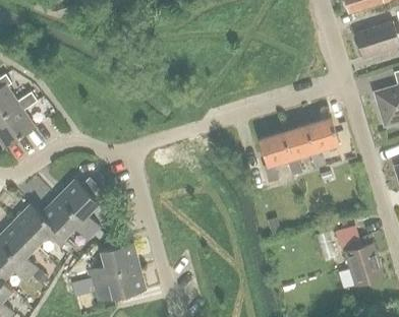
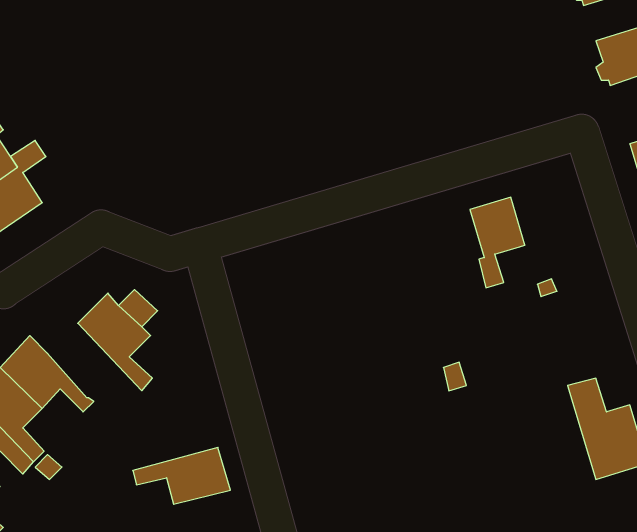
building: [306,117,340,168] -> none
building: [260,131,291,183] -> none
building: [41,196,95,241] -> none
building: [87,244,138,280] -> none

